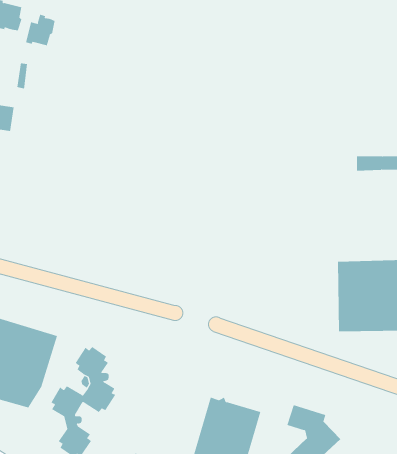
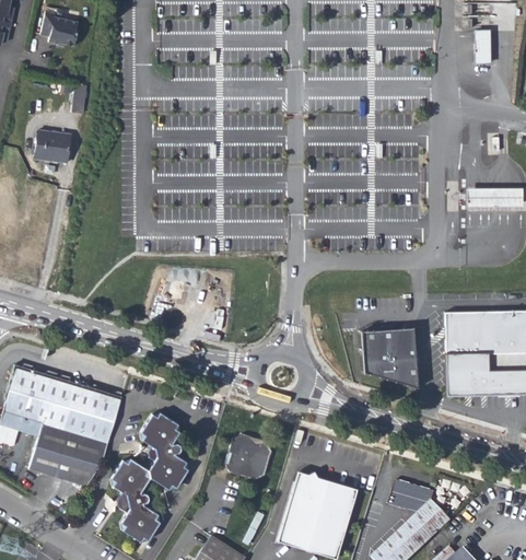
building: [26,14,55,46] -> none
building: none -> [476,34,491,66]
building: none -> [361,327,417,386]
building: none -> [224,432,270,479]

